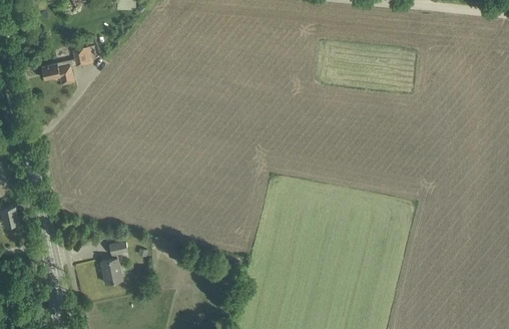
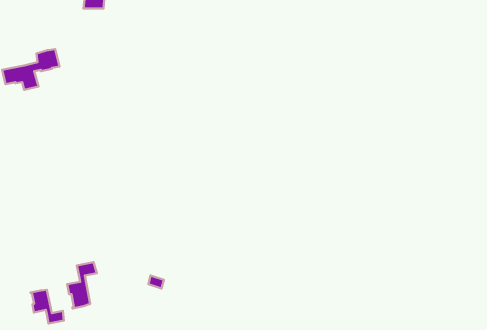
building: none -> [30,290,64,323]

